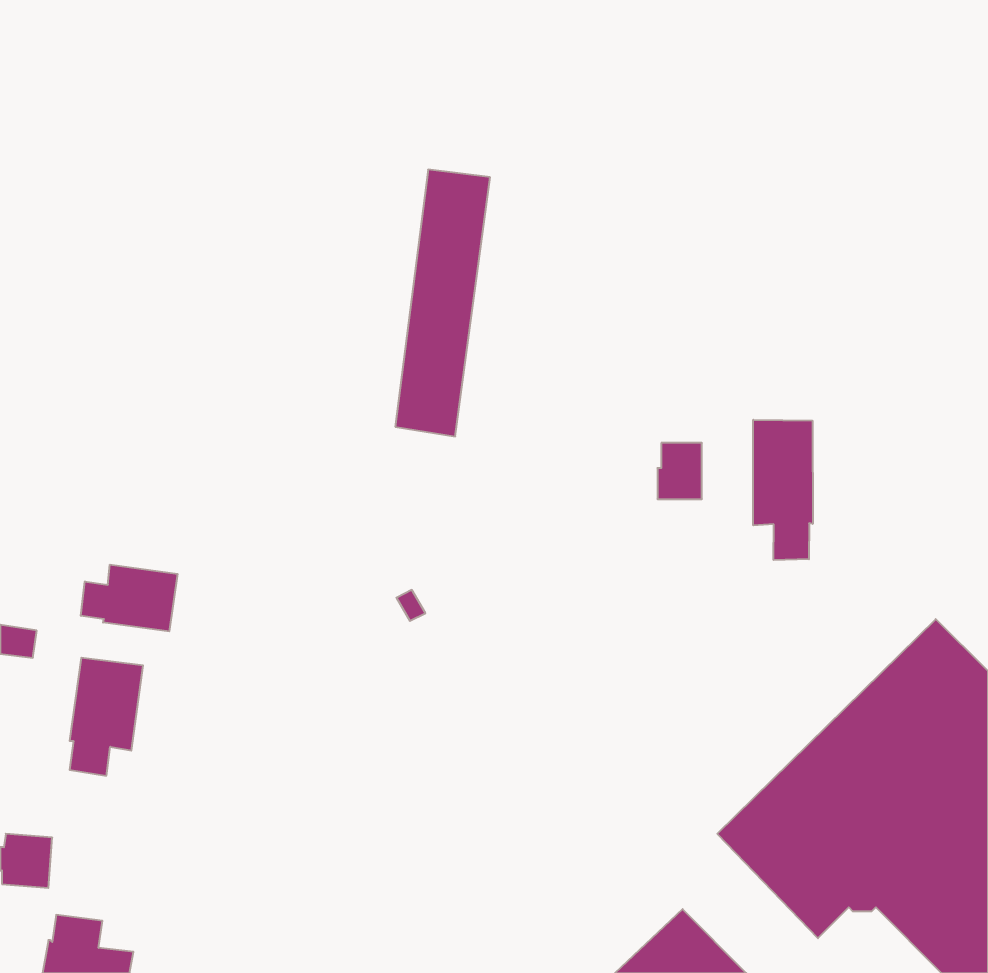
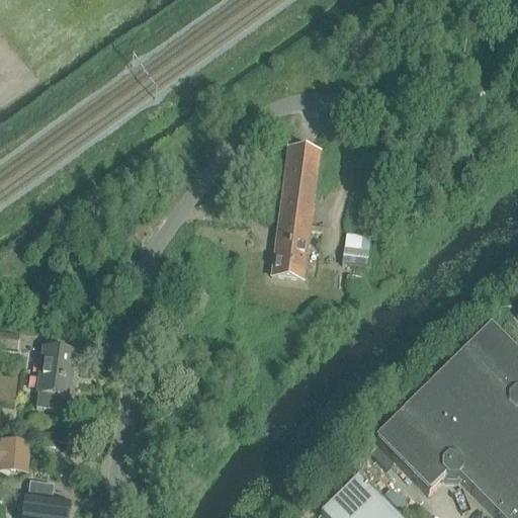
building: [395,170,490,436] -> [271,138,321,277]
building: [753,420,813,560] -> none
building: [81,565,178,631] -> none

